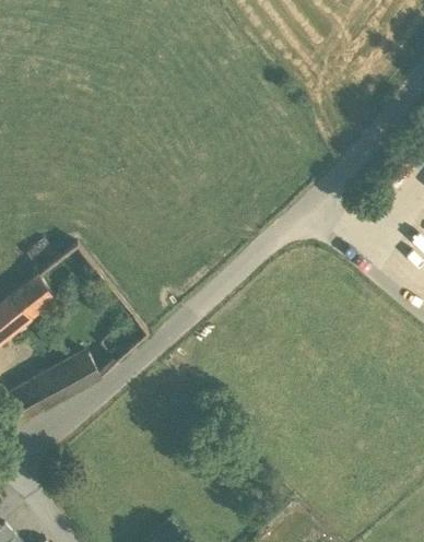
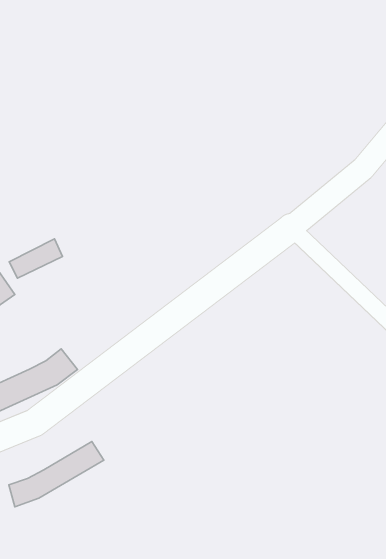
building: none -> [9,442,104,507]

